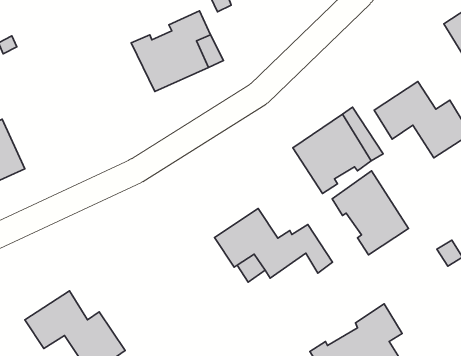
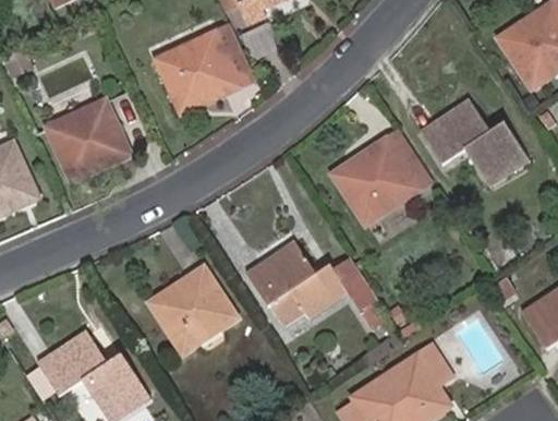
building: none -> [48,100,130,180]
building: [332,171,408,255] -> none
building: none -> [150,267,238,354]

